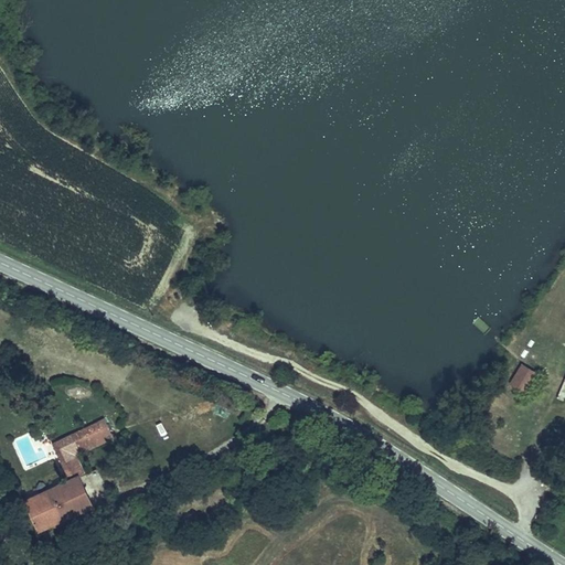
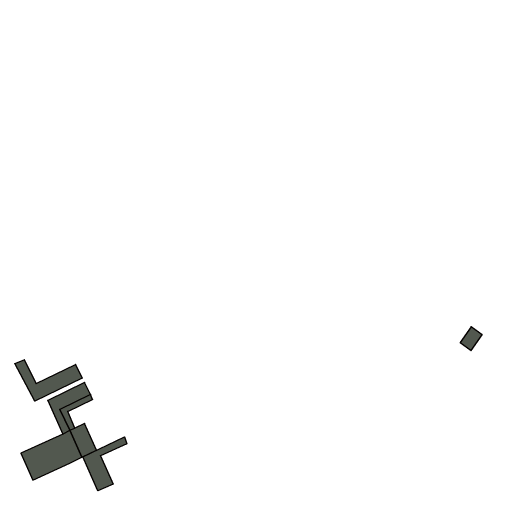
building: none -> [15,360,82,401]
building: none -> [83,437,127,491]

